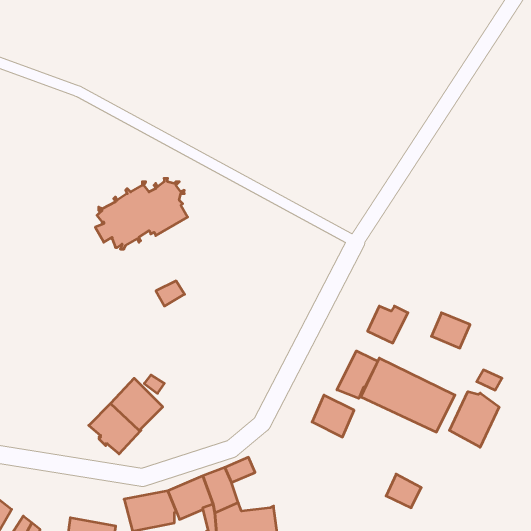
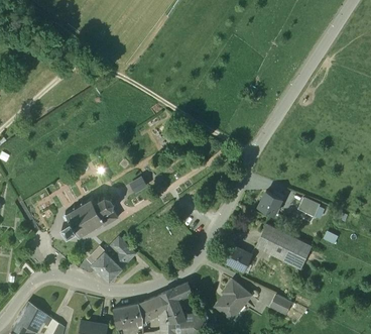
building: [95,178,188,249] -> [63,195,118,237]
building: [337,351,378,398] -> none
building: [449,392,499,447] -> none
building: none -> [216,281,251,319]

